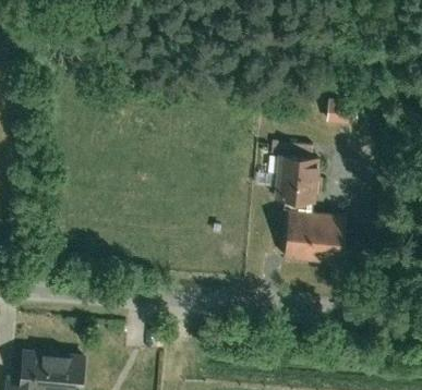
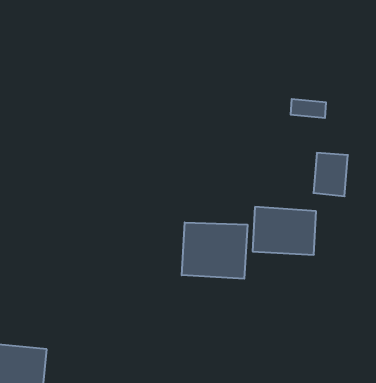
building: [277,156,311,198] -> [313,153,348,196]
building: none -> [182,222,247,279]

